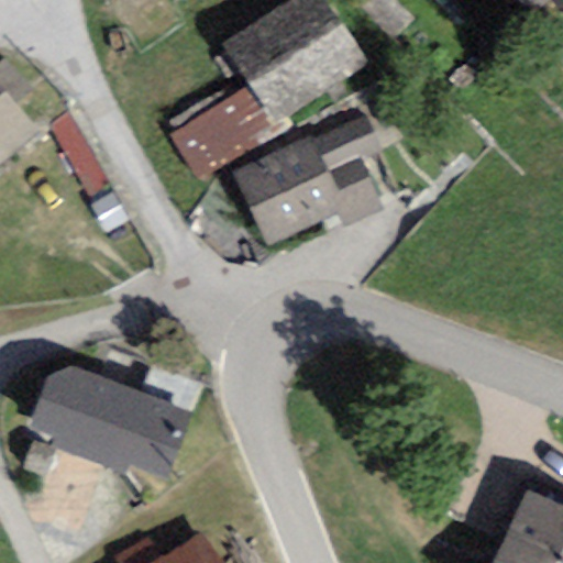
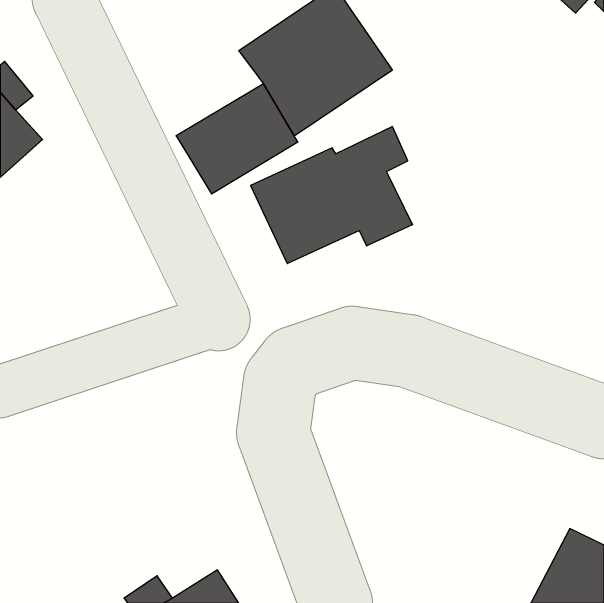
building: [27,366,191,477] -> none

